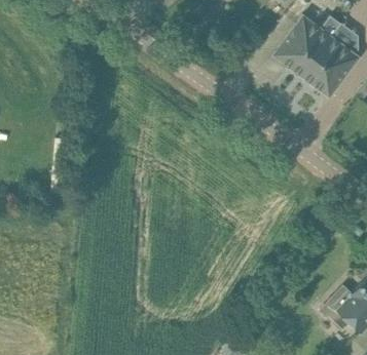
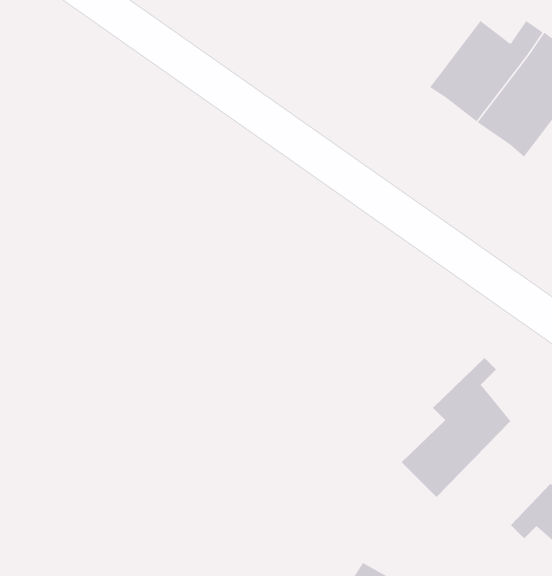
building: none -> [401,357,511,498]

